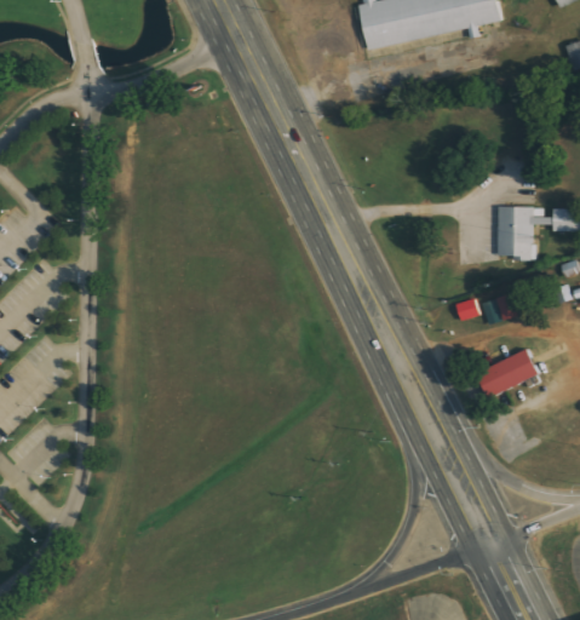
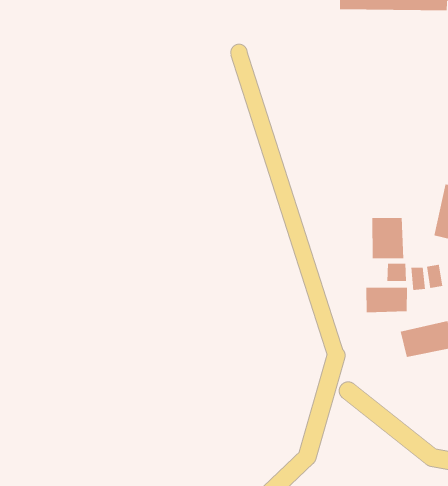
building: none -> [372,217,404,259]
building: none -> [366,287,407,313]

